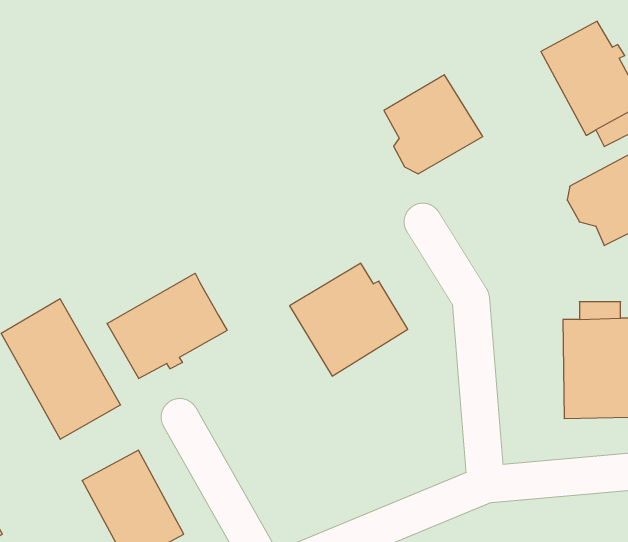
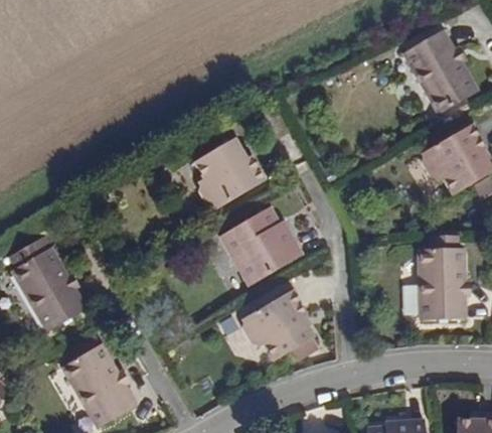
building: [384,75,483,174] -> [191,136,264,208]
building: [107,273,227,379] -> none
building: none -> [239,288,314,360]

